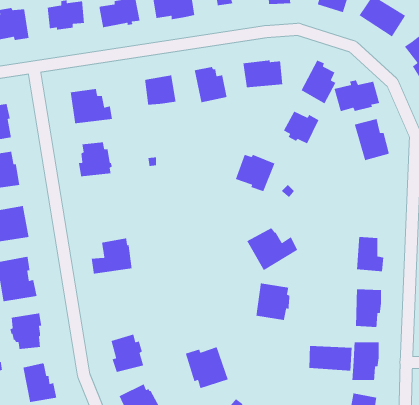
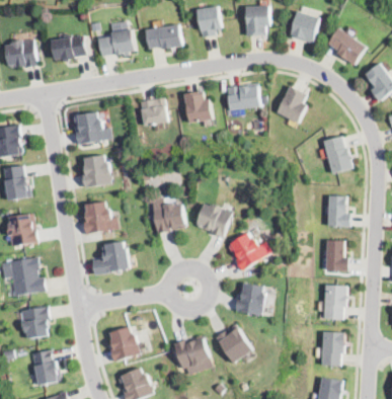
building: [334,80,380,112] -> none
building: [283,110,319,145] -> none
building: [235,154,276,192] -> [197,203,232,236]
building: none -> [326,196,350,228]
building: none -> [152,197,185,232]
building: none -> [80,198,117,234]
building: none -> [215,323,251,363]
building: [309,345,353,371] -> none

